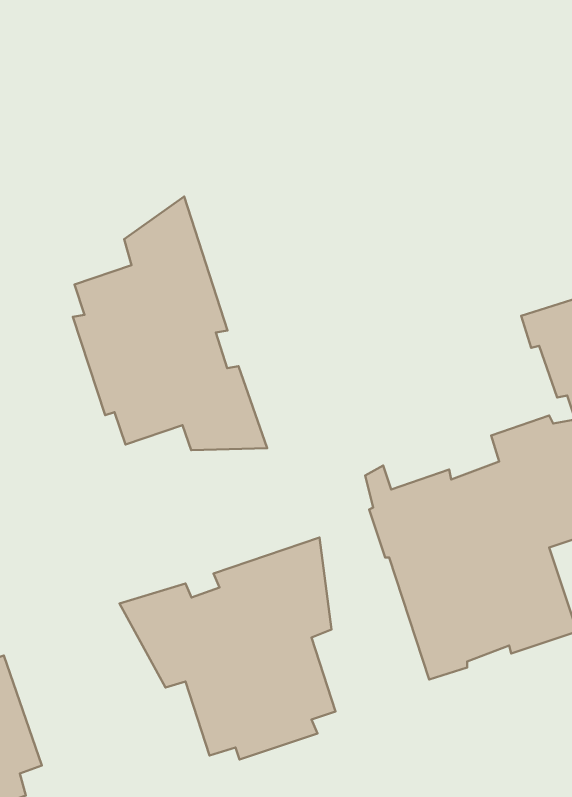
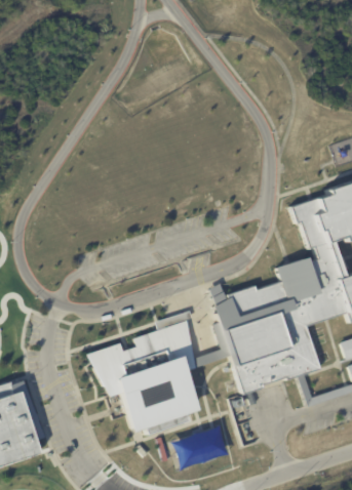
building: [73,196,267,450] -> none

